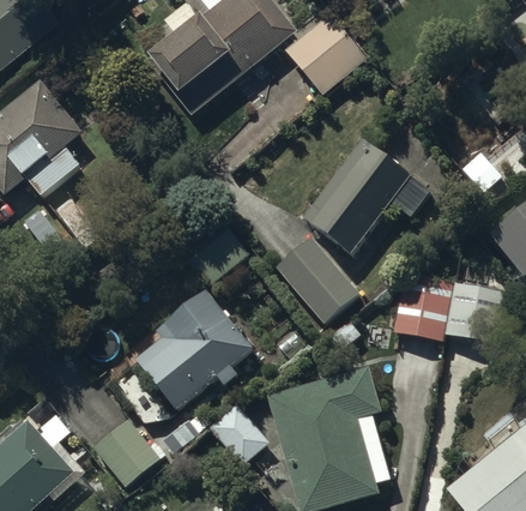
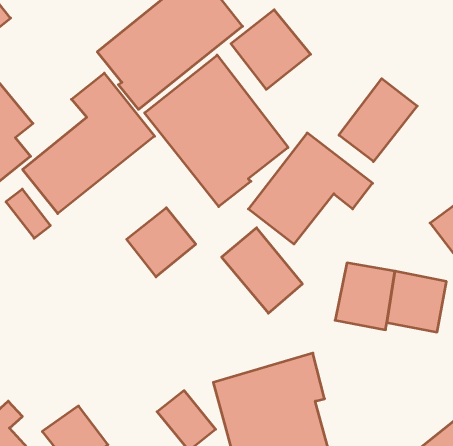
building: none -> [145,55,288,207]
building: none -> [23,73,155,214]
building: none -> [339,79,417,162]
building: [135,289,252,409] -> none

